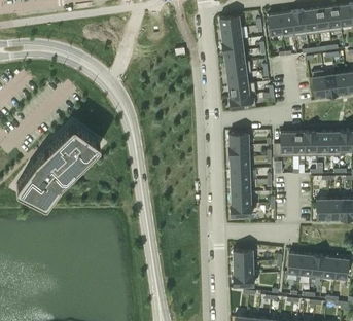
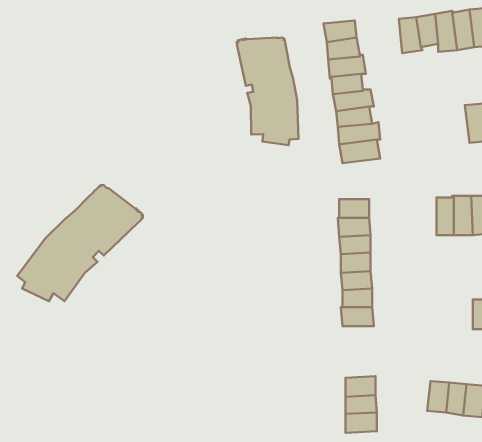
building: none -> [237,37,298,145]
building: [275,133,293,157] -> none

